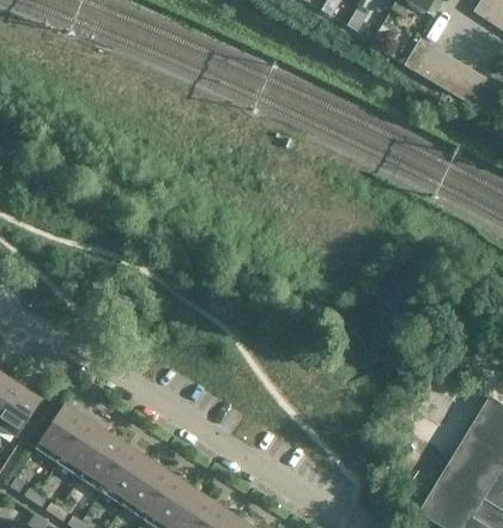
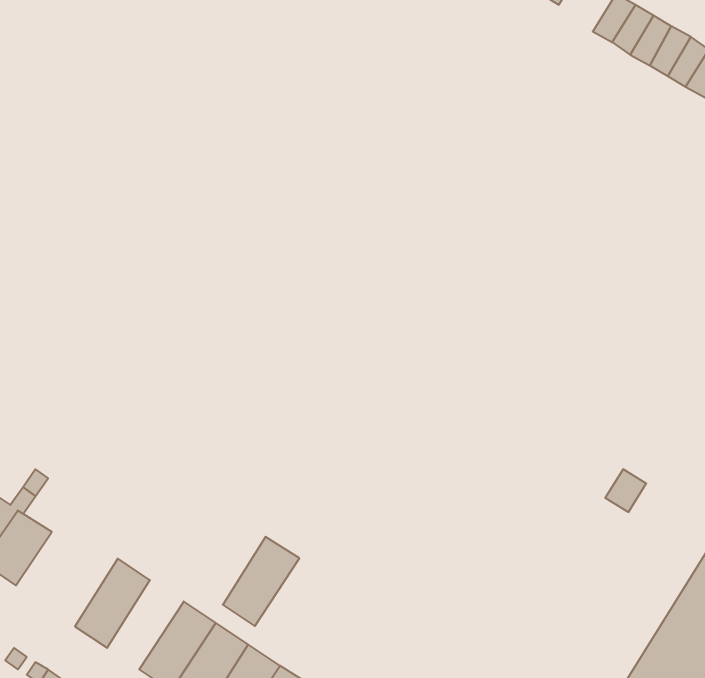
building: [34,405,85,463] -> none
building: [78,432,129,492] -> [223,537,299,626]

